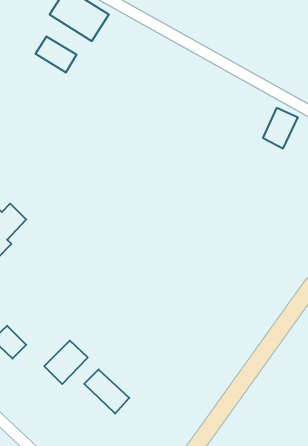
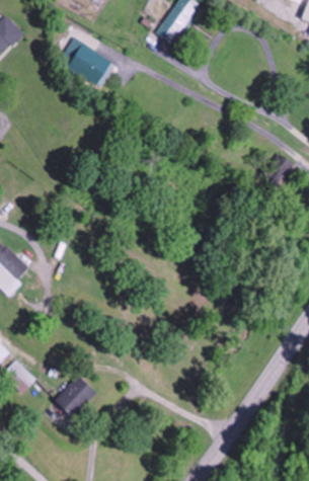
building: [36,36,76,73] -> none
building: [84,369,129,414] -> none

